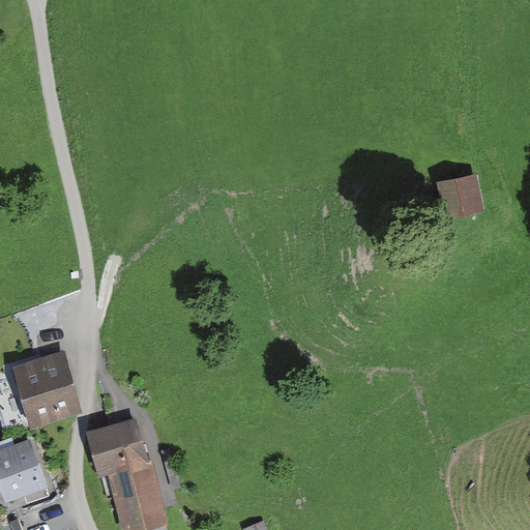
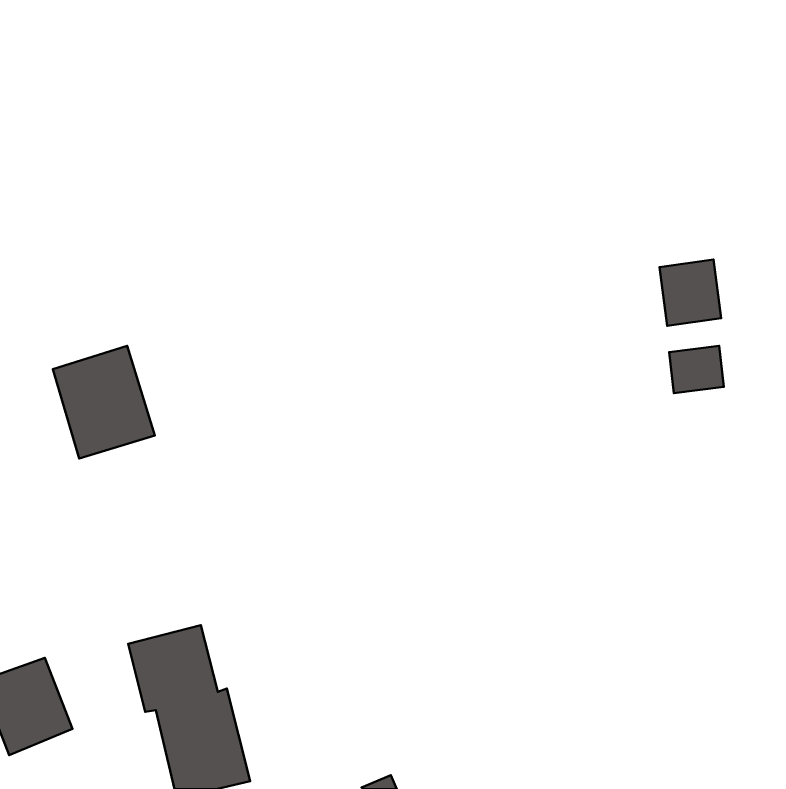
building: none -> [669,346,724,393]
building: [11,352,80,428] -> [53,346,155,459]

